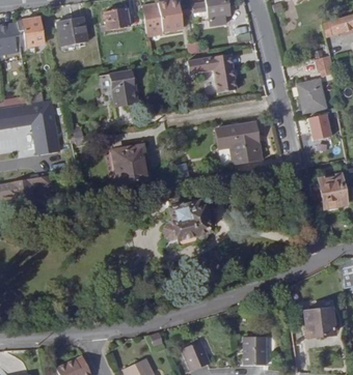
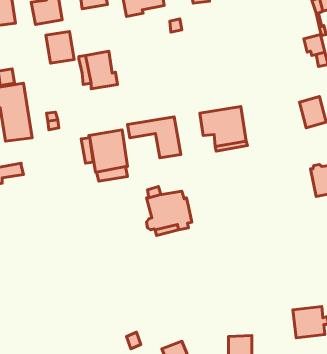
building: none -> [46,31,74,63]
building: [188,54,238,92] -> [128,117,181,158]
building: [297,79,326,112] -> none

